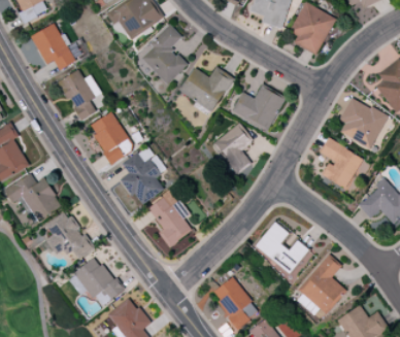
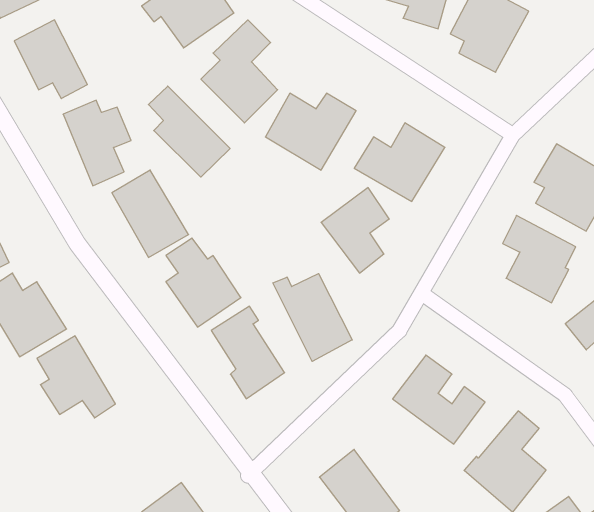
building: none -> [148,86,230,177]
building: none -> [273,274,352,361]
building: [74,256,122,307] -> none

